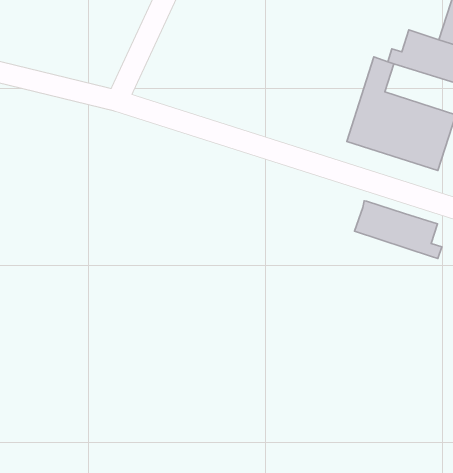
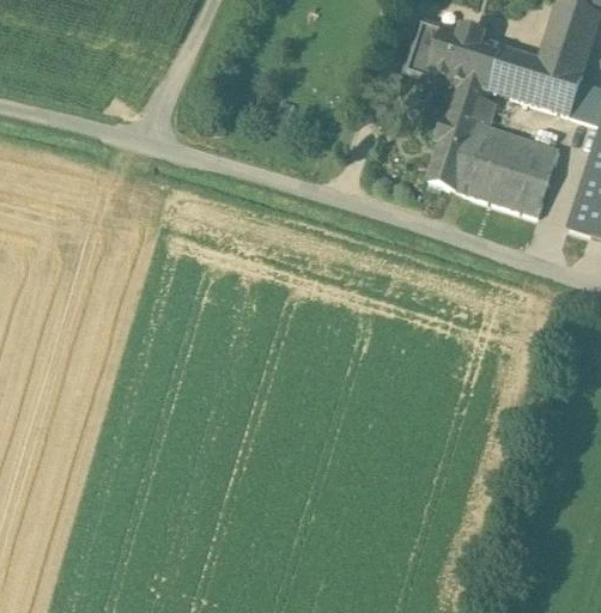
building: none -> [407,23,503,86]
building: [354,201,442,258] -> none

